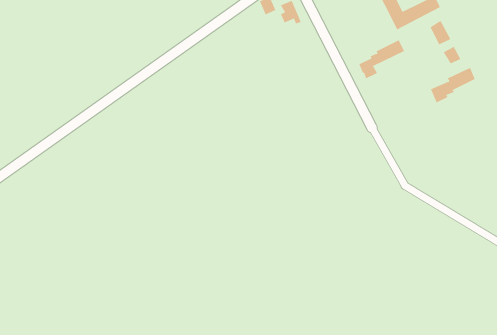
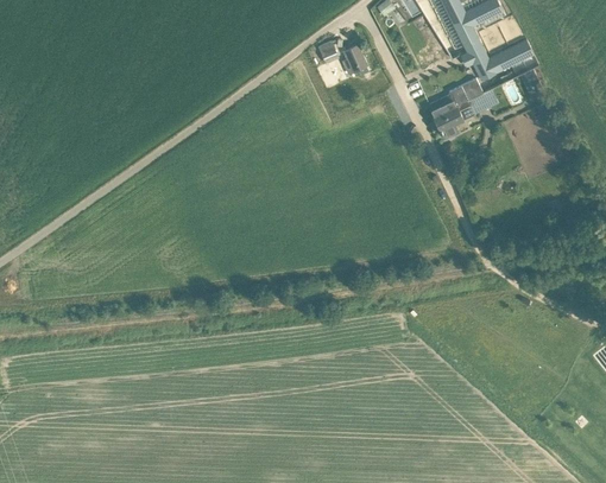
building: [430,67,475,103] -> [429,78,482,121]

